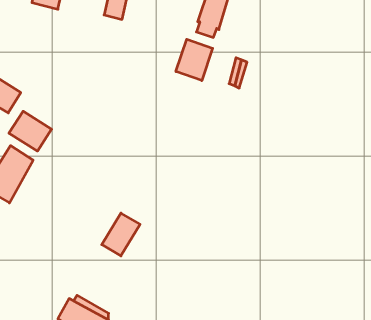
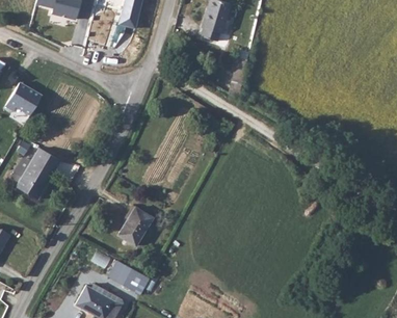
building: [176,39,213,81] -> none
building: [9,111,52,151] -> none
building: none -> [108,261,149,295]

